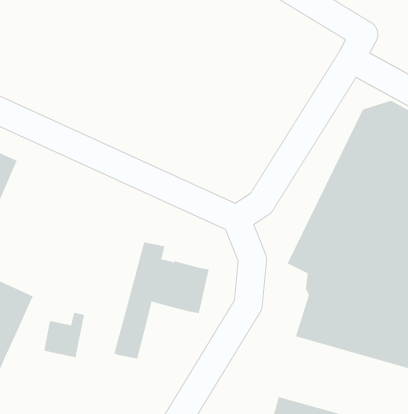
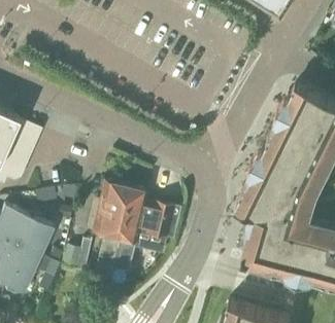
building: none -> [88,181,133,277]

